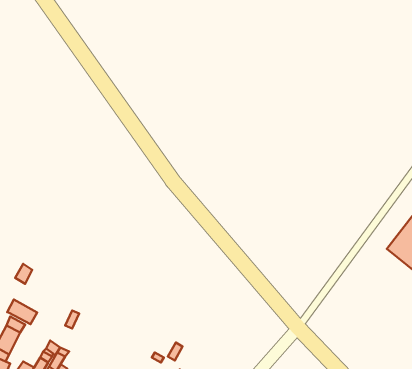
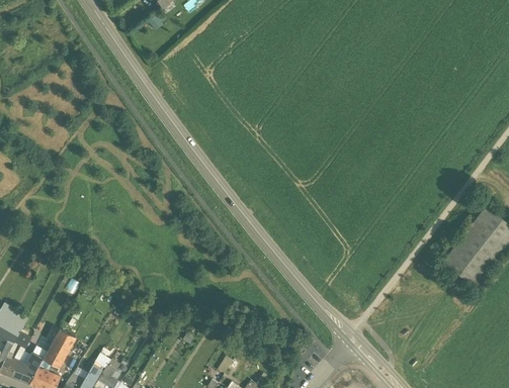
building: [7,300,37,324] -> none

